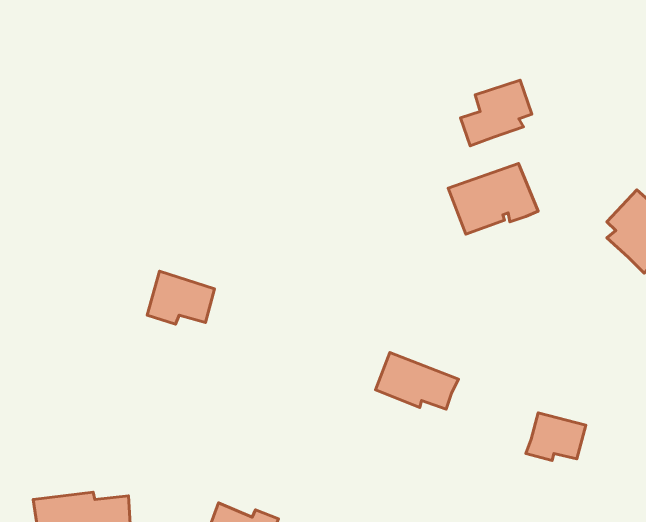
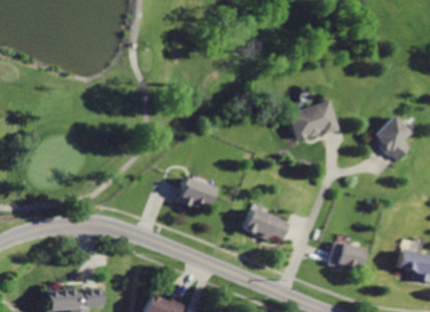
building: [460,80,532,146] -> none
building: [147,271,214,324] -> [176,178,214,208]

